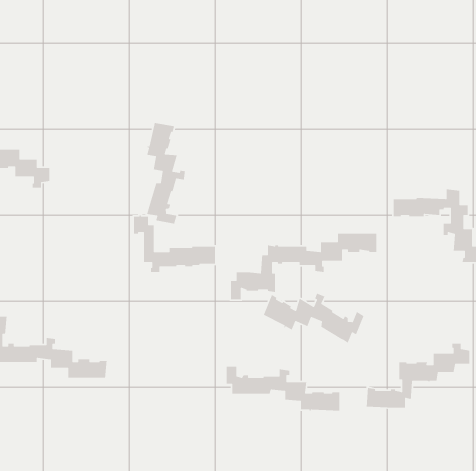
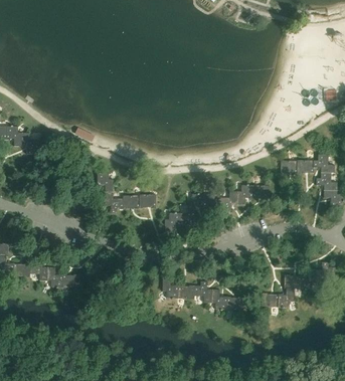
building: [146,122,186,224] -> none
building: [263,293,365,344] -> none

